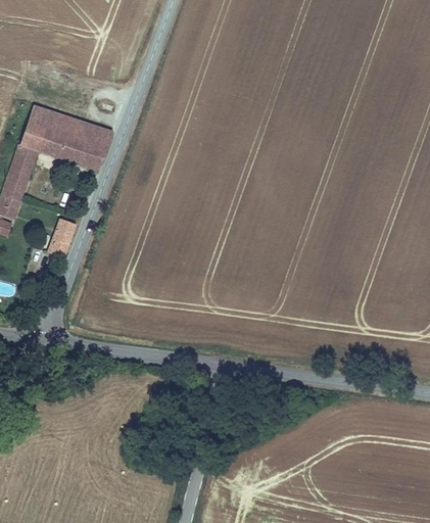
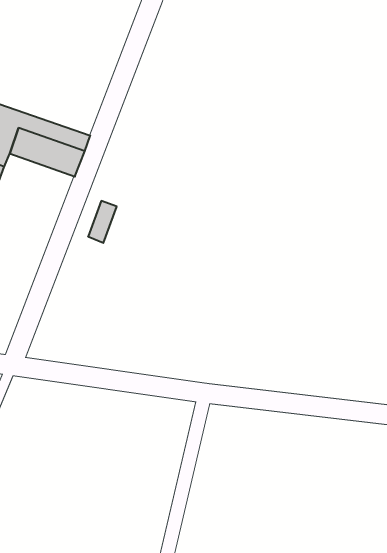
building: [48,220,75,258] -> [88,201,117,243]

